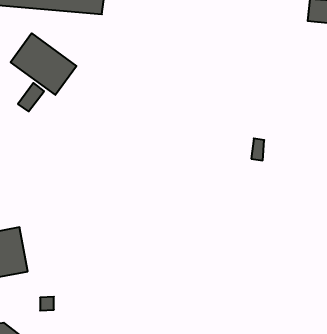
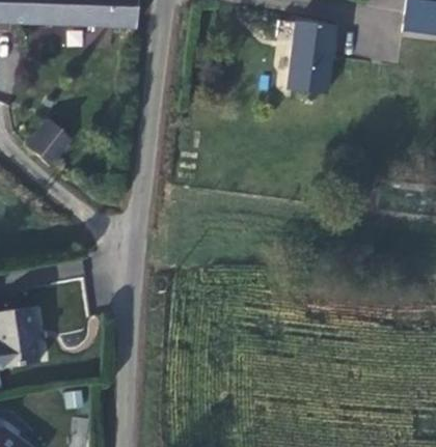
building: none -> [278,33,325,104]
building: [11,33,76,95] -> none

